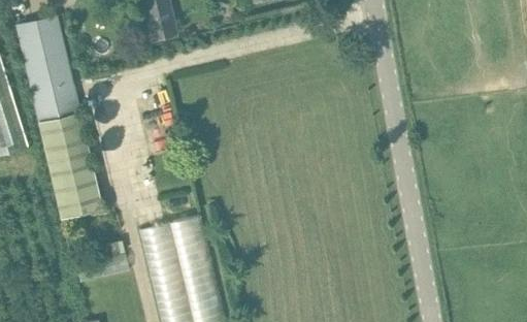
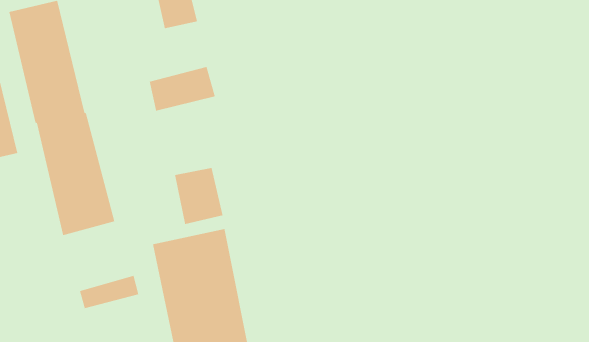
building: none -> [149,66,216,112]
building: none -> [174,167,223,225]

